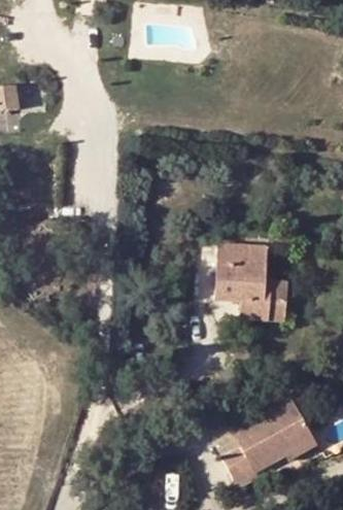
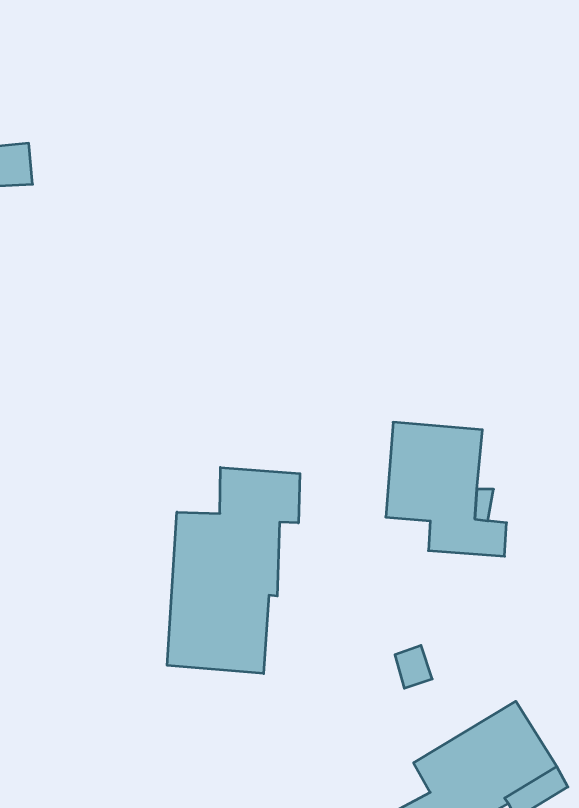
building: none -> [167,467,300,674]

